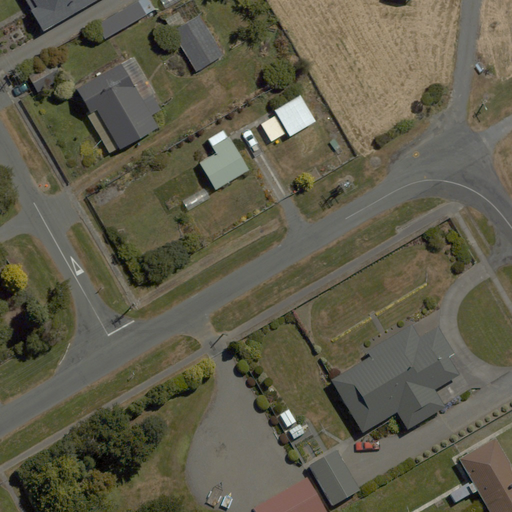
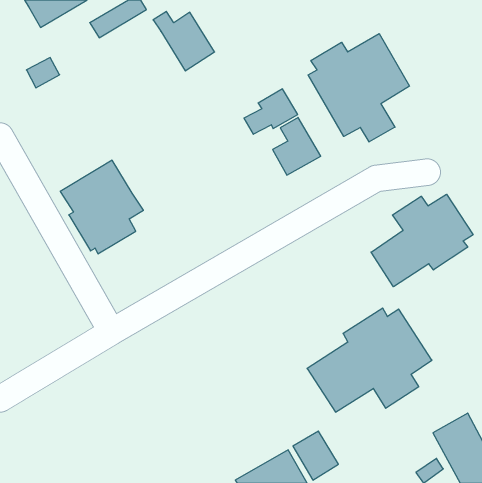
building: none -> [308,34,409,142]
building: [78,55,166,154] -> [60,160,143,254]
building: [198,130,249,191] -> [273,117,321,175]
building: none -> [371,194,473,287]

